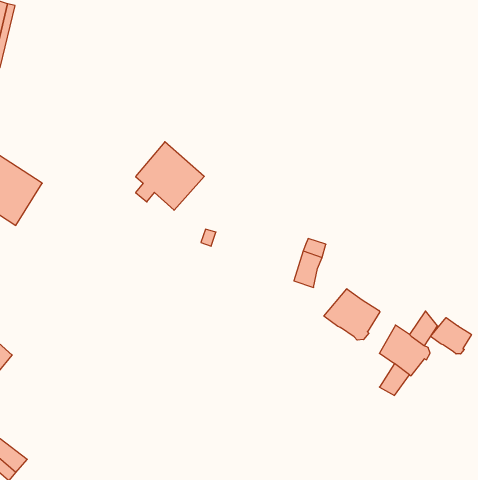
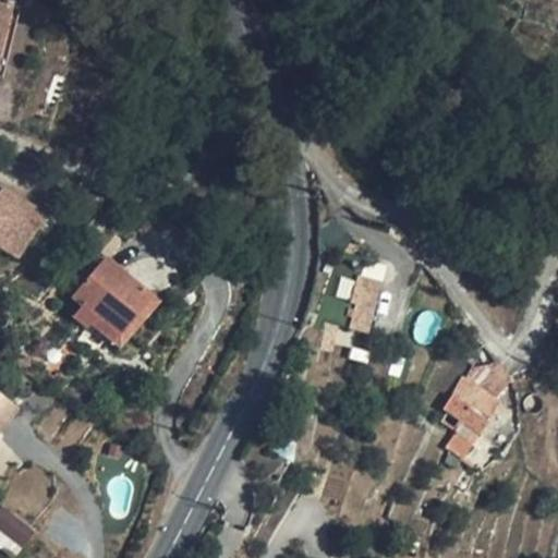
building: [136,142,204,210] -> [71,258,150,338]
building: [324,289,380,340] -> none
building: [431,318,471,354] -> none

